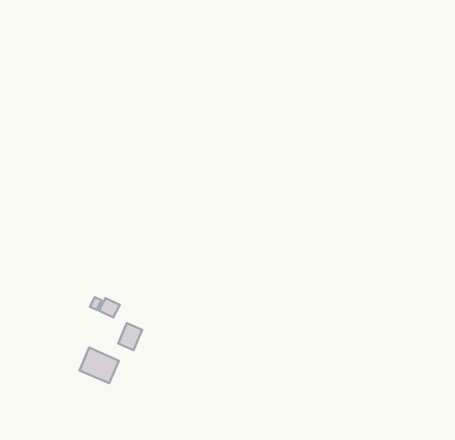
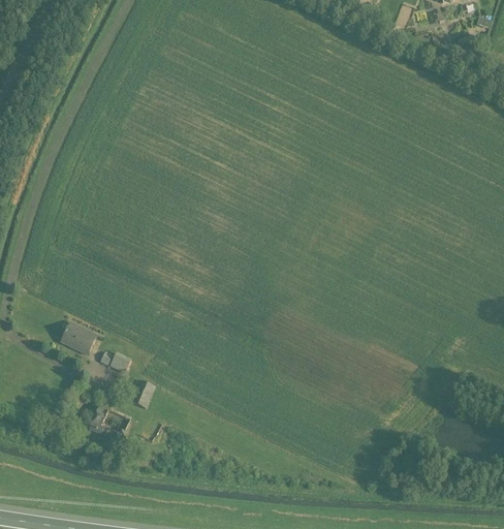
building: none -> [60,321,96,353]

